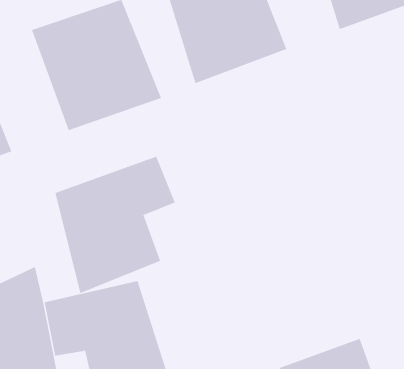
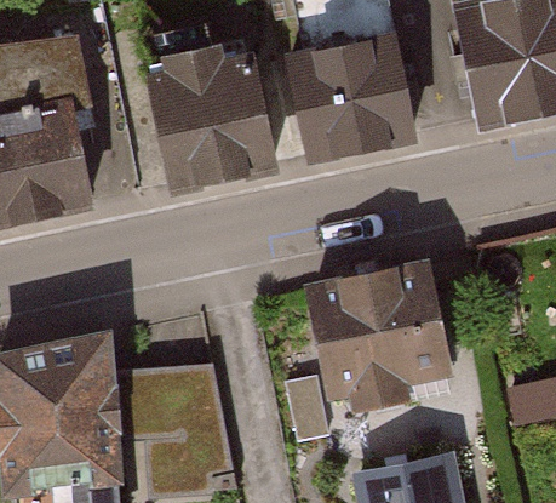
building: [55,156,175,294] -> none
building: none -> [303,268,446,412]

